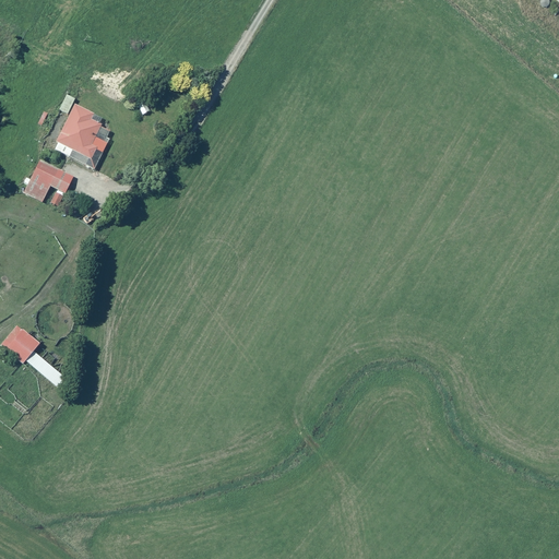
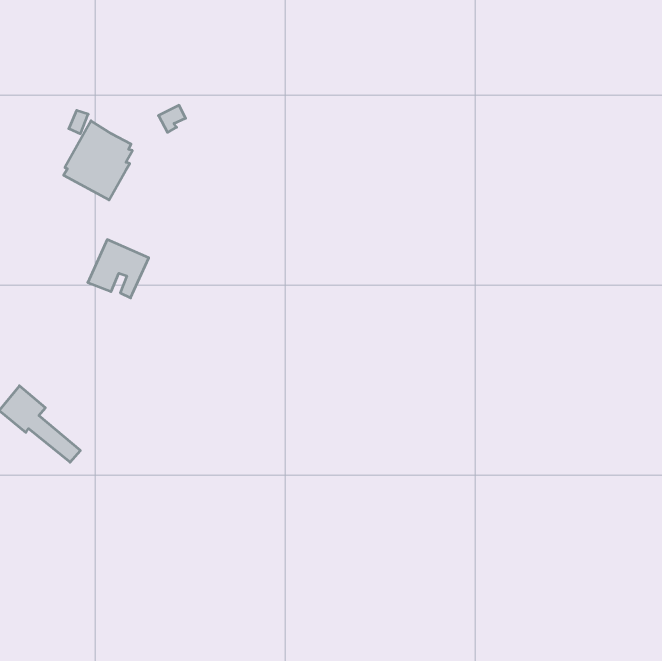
building: [23,157,74,206] -> [88,240,149,298]

